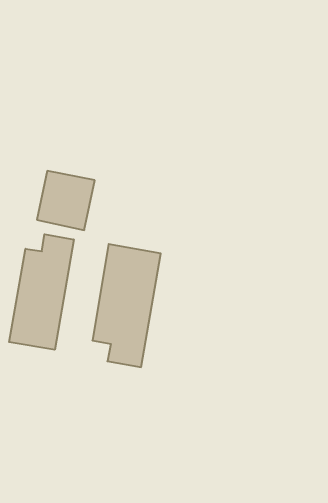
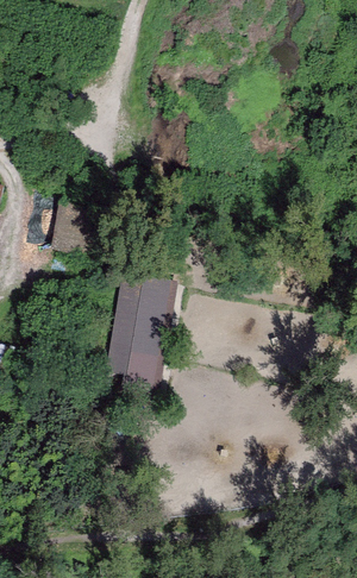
building: [9,234,74,350] -> none

